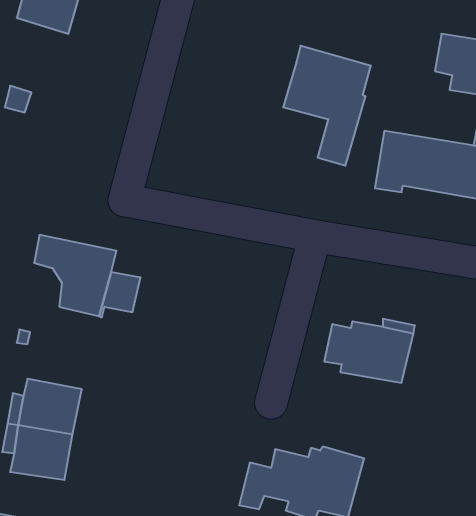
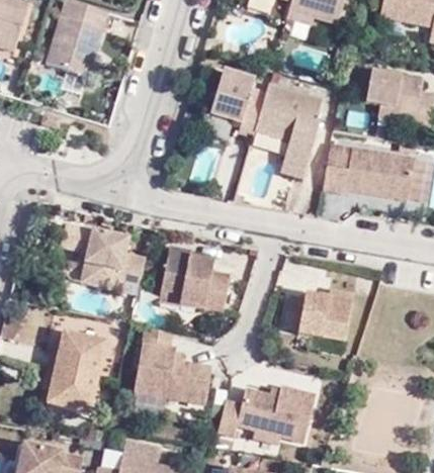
building: none -> [208,69,263,131]
building: none -> [162,247,230,311]
building: none -> [138,330,212,407]

